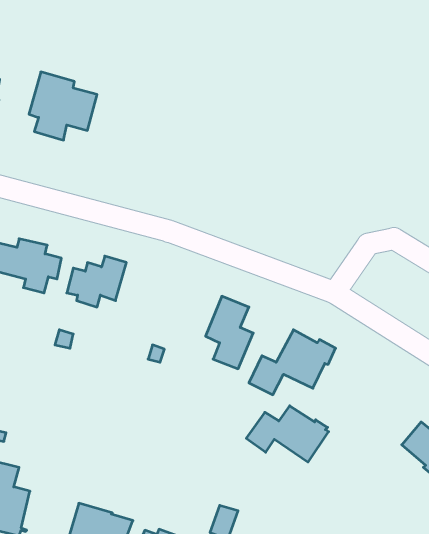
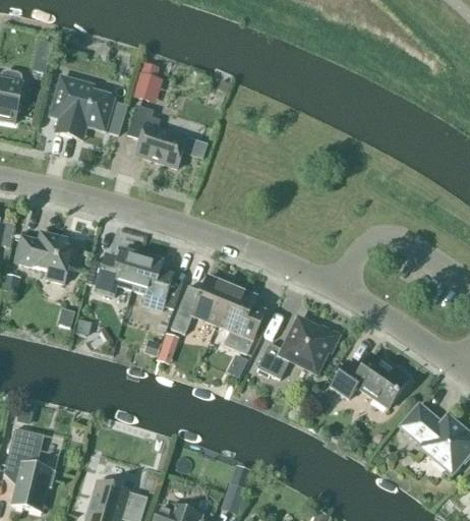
building: none -> [133,71,163,103]
building: none -> [127,105,187,168]
building: none -> [132,254,184,310]
building: none -> [171,276,232,334]
building: [246,406,329,462] -> [331,354,408,407]

